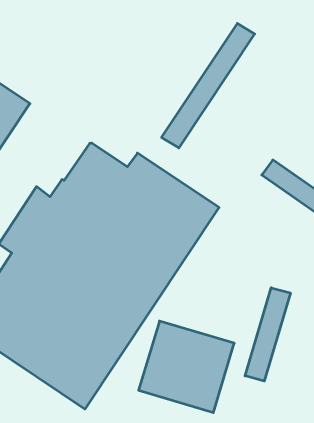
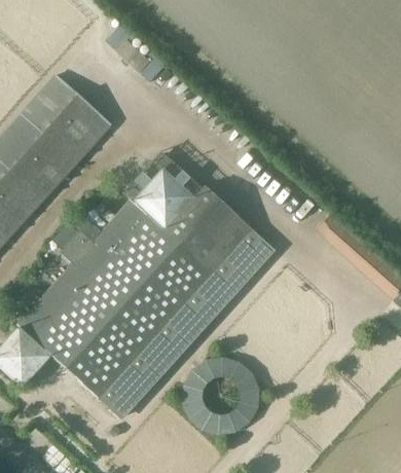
building: [162,23,255,148] -> none
building: [245,288,290,381] -> none

